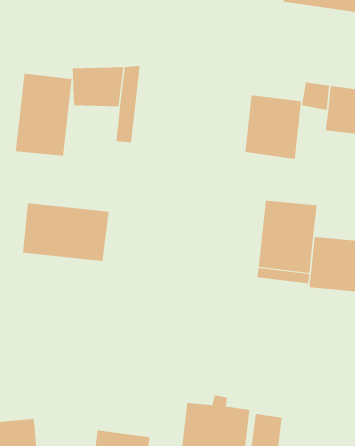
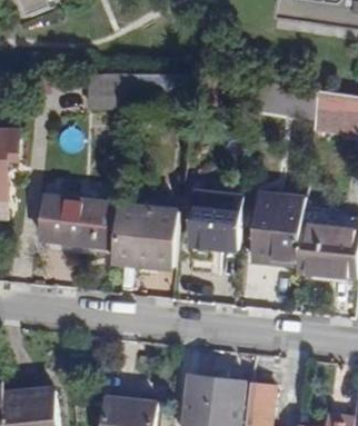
building: [15,73,72,157] -> none
building: [244,95,302,160] -> [190,191,241,249]
building: none -> [116,202,178,269]

